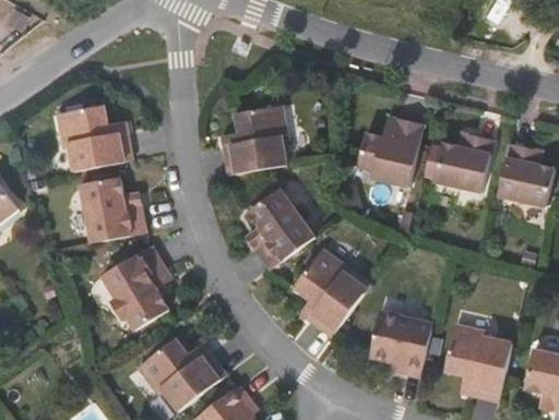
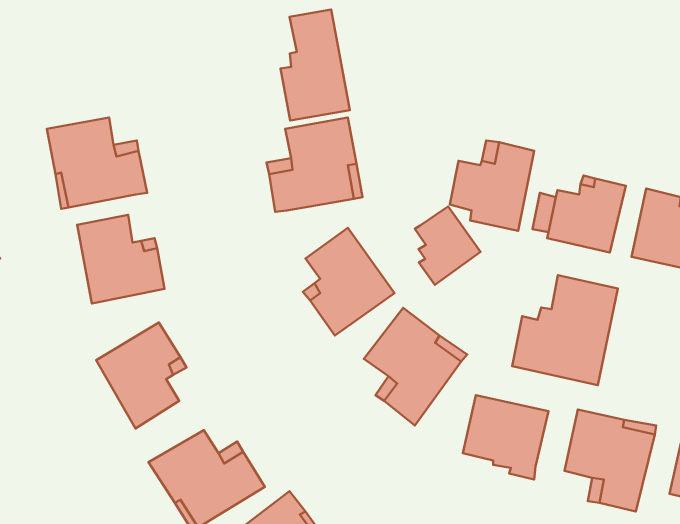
building: none -> [281,9,350,121]
building: none -> [415,206,480,285]
building: none -> [512,275,618,385]

